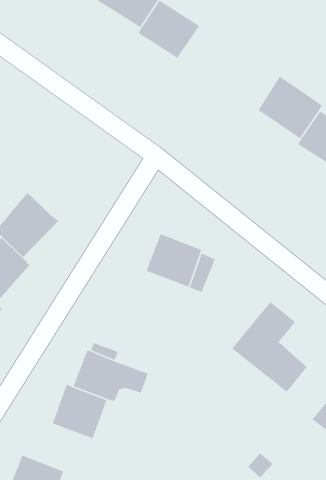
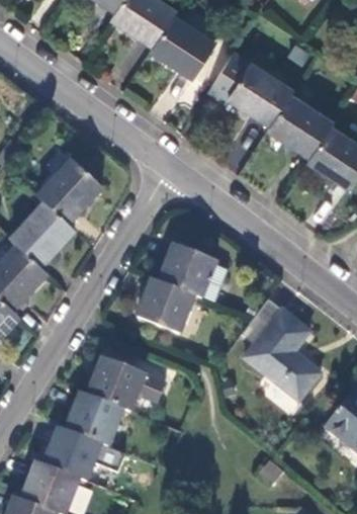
building: none -> [209,50,292,120]
building: none -> [35,163,97,226]
building: none -> [136,279,192,333]
building: none -> [44,429,98,482]

